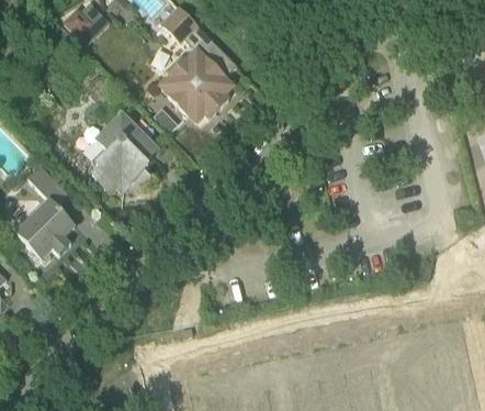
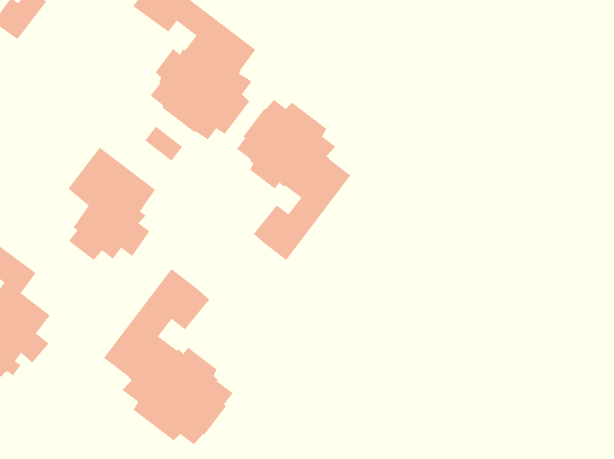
building: none -> [236,99,351,261]
building: none -> [103,268,233,445]

